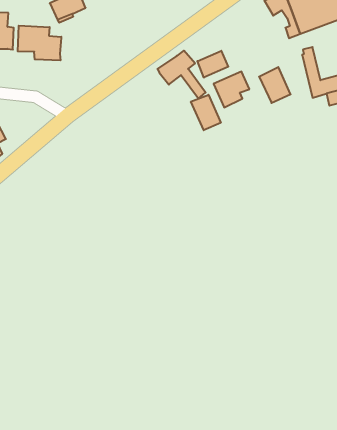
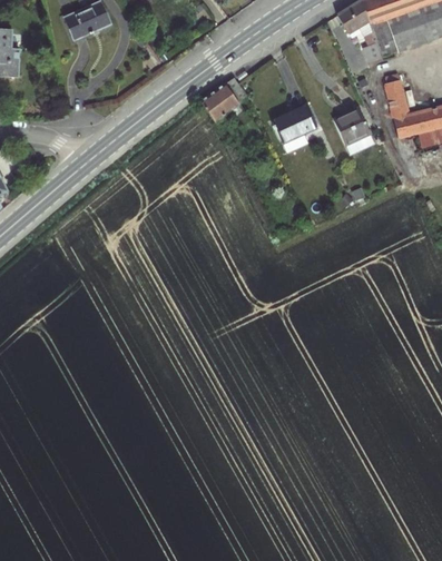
building: [18,26,61,60] -> none
building: [197,51,228,78] -> none
building: [191,95,221,130] -> none

